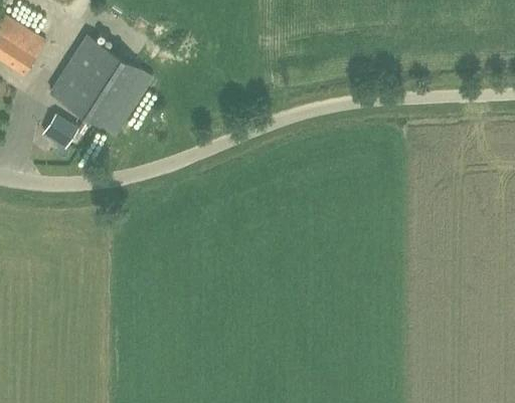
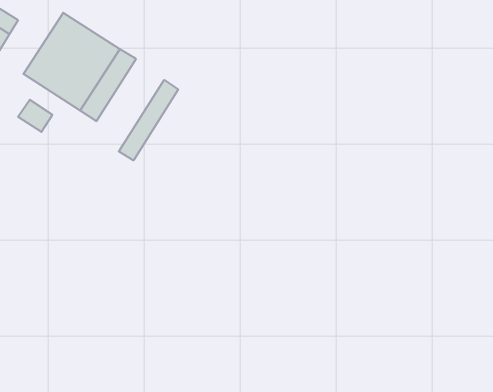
building: none -> [119,80,178,160]

